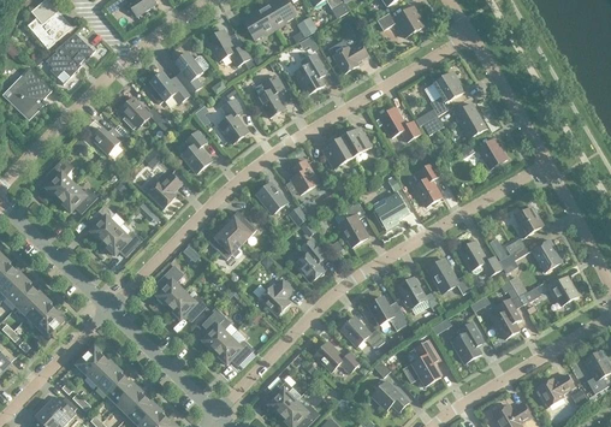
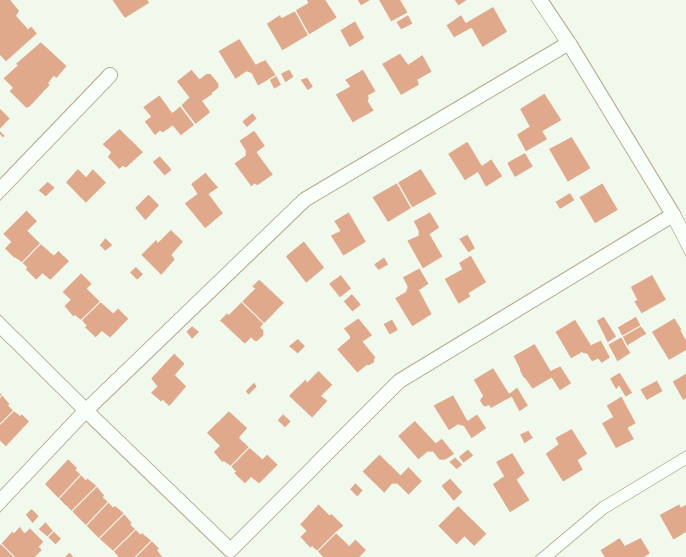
building: [255,76,284,118] -> none
building: [411,164,439,207] -> [407,212,443,269]
building: [168,291,204,320] -> none

